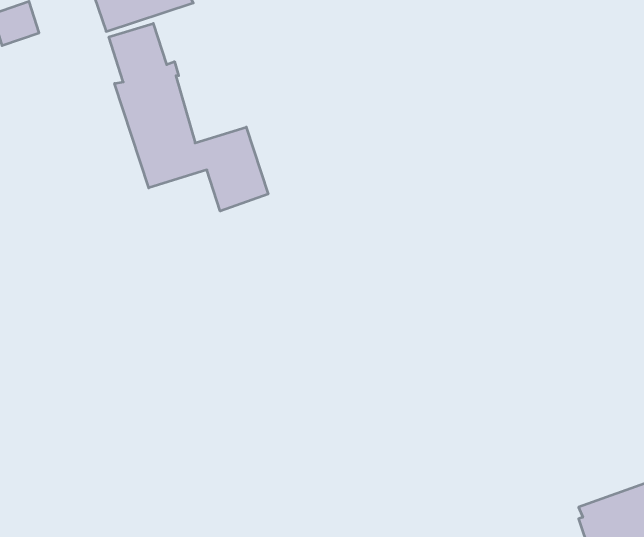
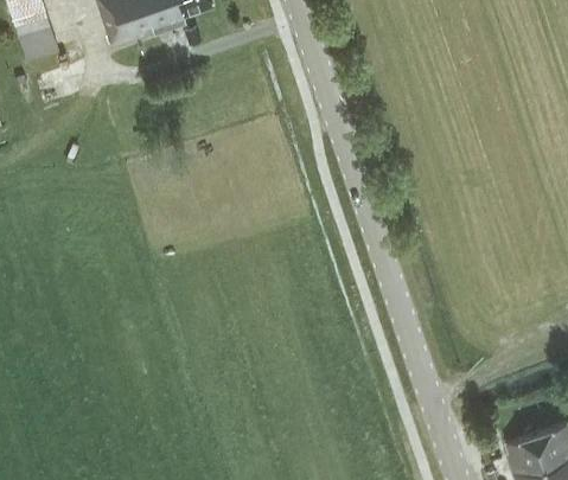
building: [109,23,268,211] -> none

